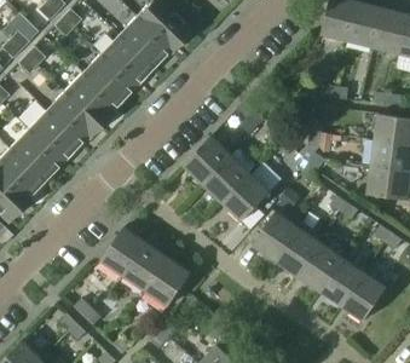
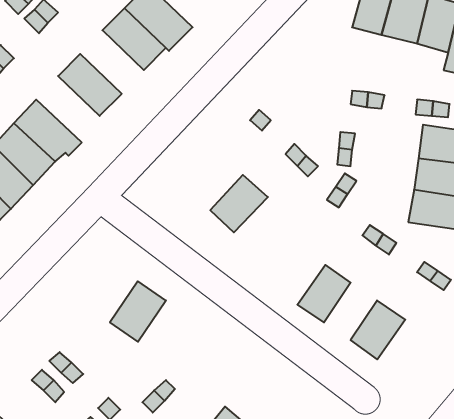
building: [99,35,151,87] -> none
building: [63,73,115,127] -> none
building: [185,134,232,183] -> none
building: [225,172,271,219] -> none
building: [254,212,300,260] -> none
building: [102,226,146,275] -> none
building: [299,242,342,289] -> none
building: [146,257,192,305] -> none
building: [342,272,387,319] -> none

